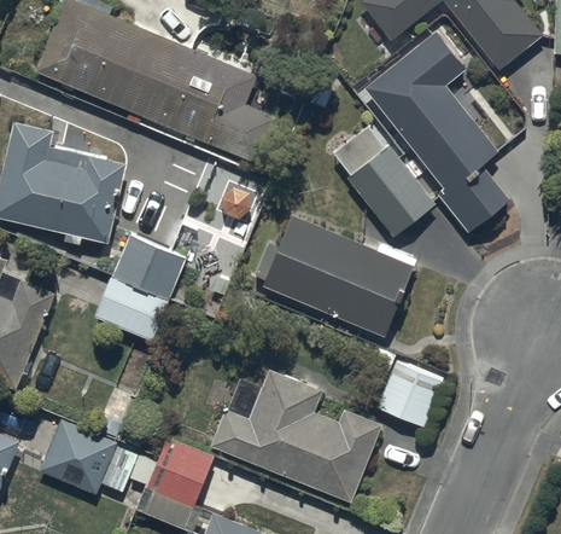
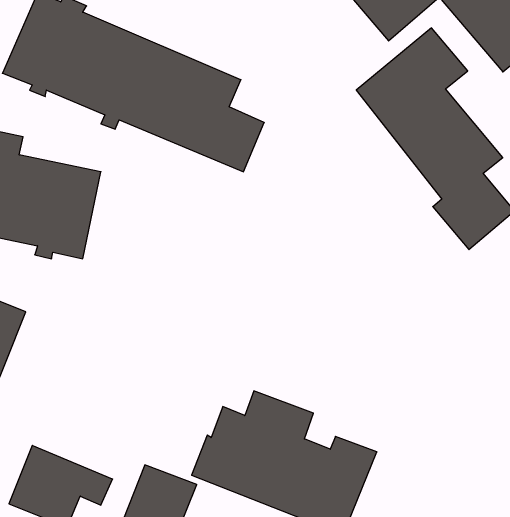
building: [333,124,434,237] -> none
building: [262,215,417,337] -> none
building: [93,234,185,342] -> none
building: [376,362,443,428] -> none

